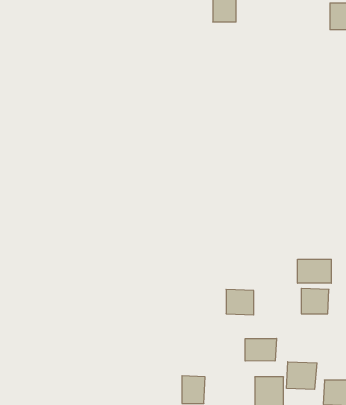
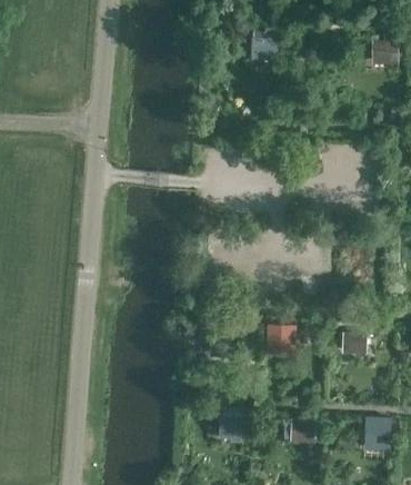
building: [298,259,331,283] -> none
building: [245,338,277,361] -> none
building: [287,362,317,389] -> none

